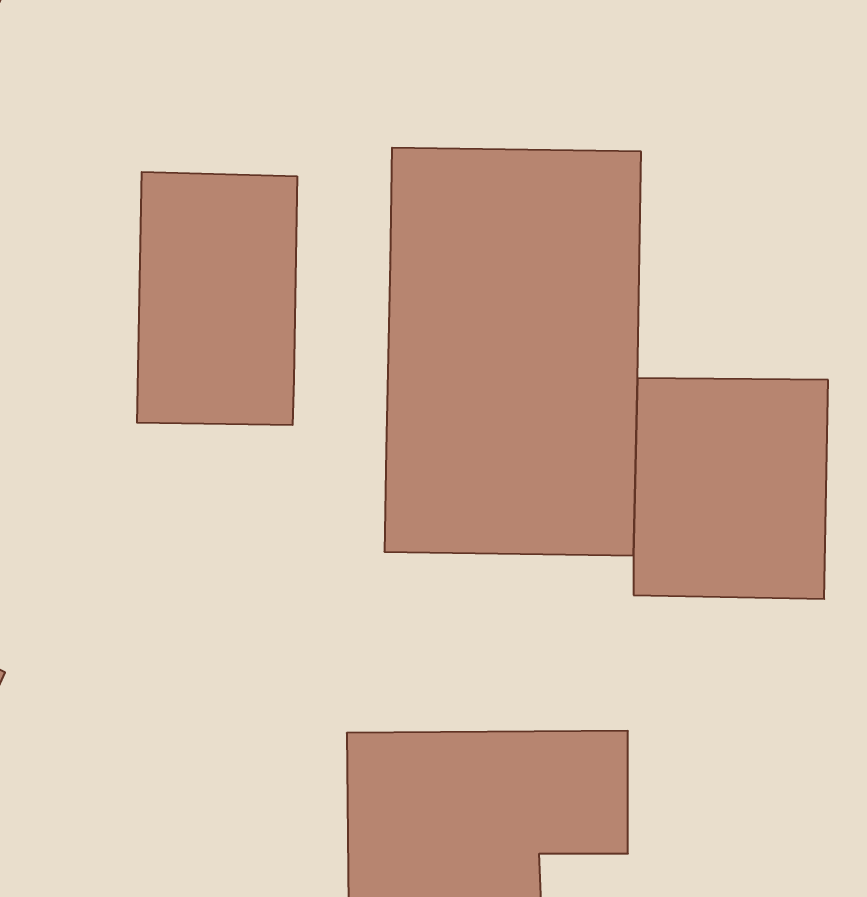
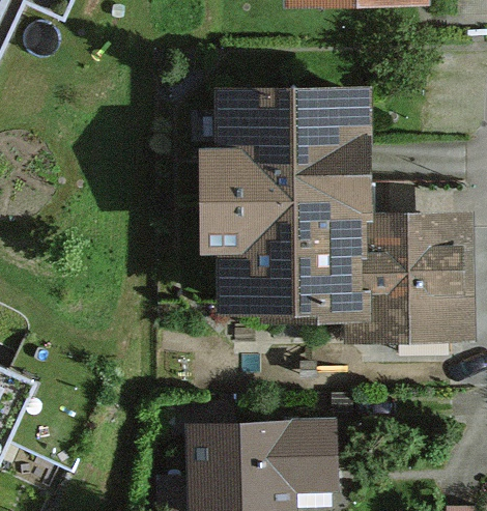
building: [137,172,297,425] -> none

